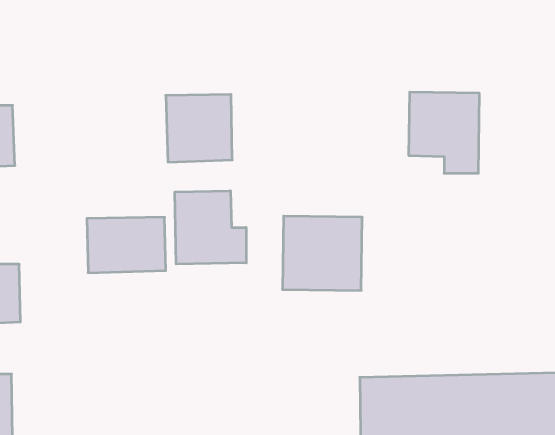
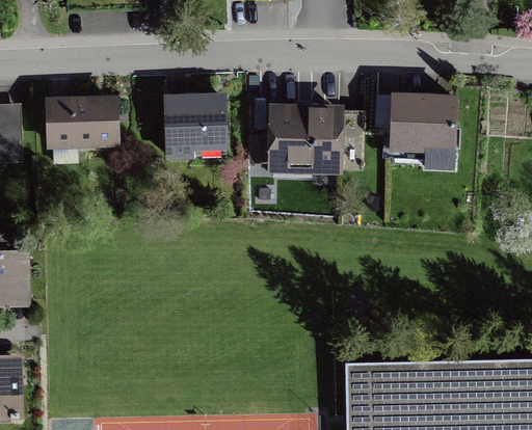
building: [175,191,246,264] -> none
building: [282,216,362,290] -> [268,104,343,173]
building: [87,217,166,273] -> [46,97,119,149]

